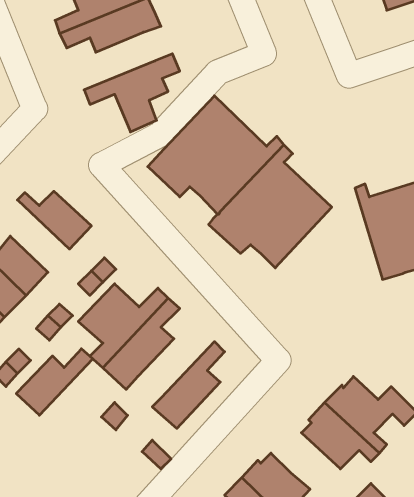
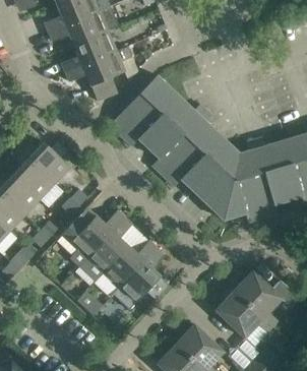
building: none -> [61,30,115,71]
building: none -> [199,140,278,223]
building: none -> [12,148,55,199]
building: [16,349,93,415] -> [103,241,157,288]

